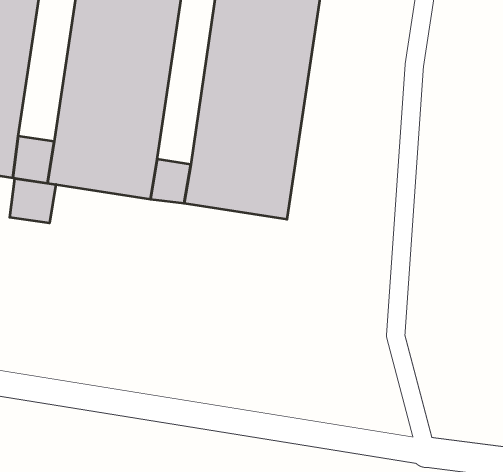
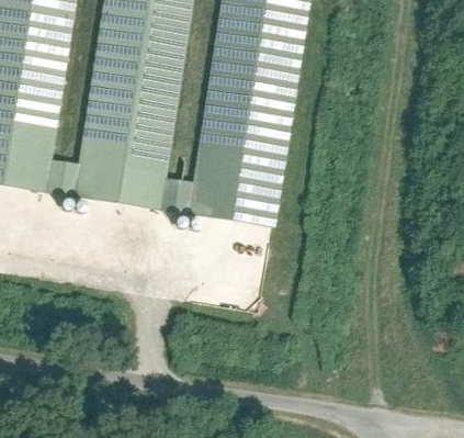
building: [10,178,56,223] -> none

